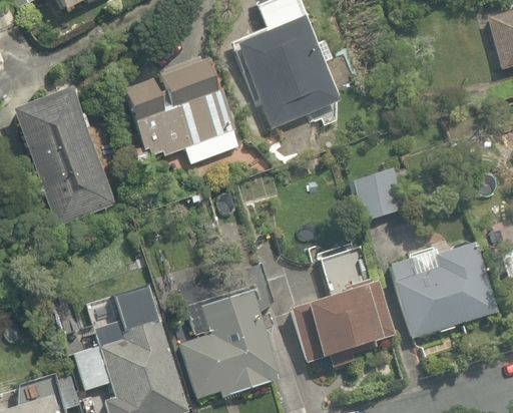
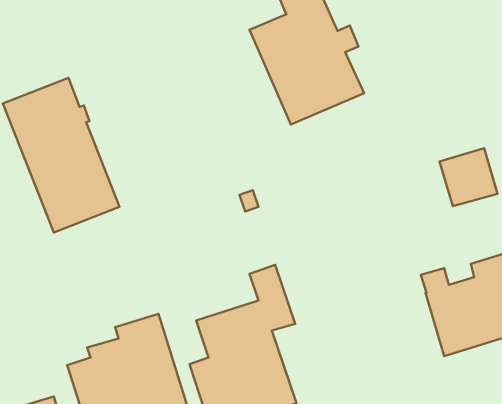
building: [124,55,241,167] -> none
building: [350,169,402,222] -> [440,148,497,206]
building: [291,278,395,367] -> none

